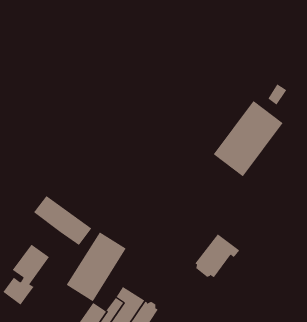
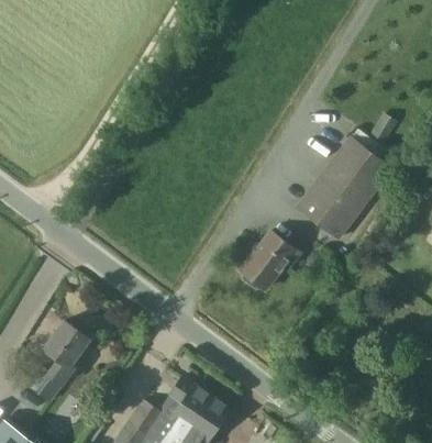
building: [33,195,92,246] -> none
building: [66,231,127,302] -> none
building: [195,233,240,278] -> [241,233,300,291]

